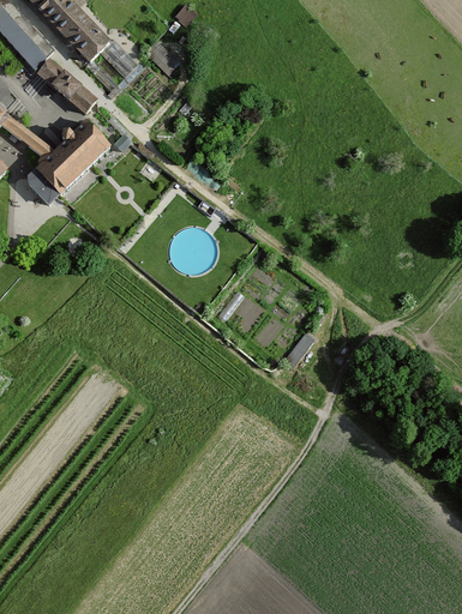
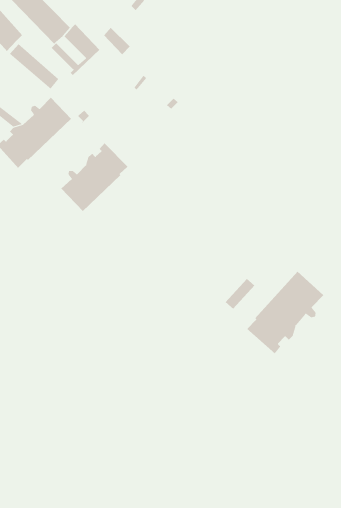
building: none -> [61,143,129,212]
building: none -> [246,271,324,354]

